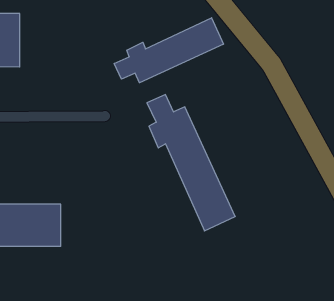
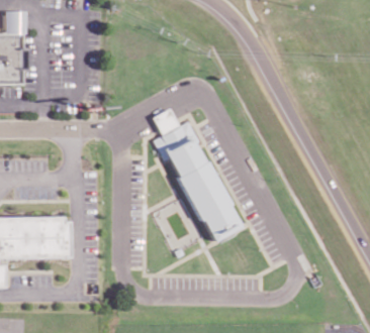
building: [114,18,223,83] -> none

